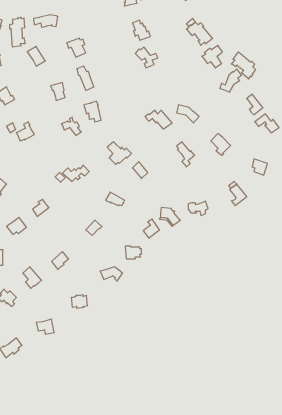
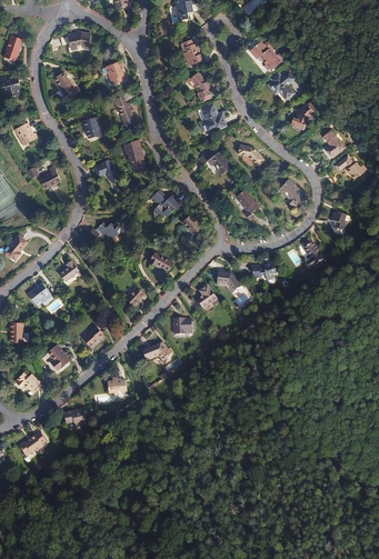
building: [10,17,25,47] -> none
building: [231,52,256,79] -> none
building: none -> [200,104,226,134]

